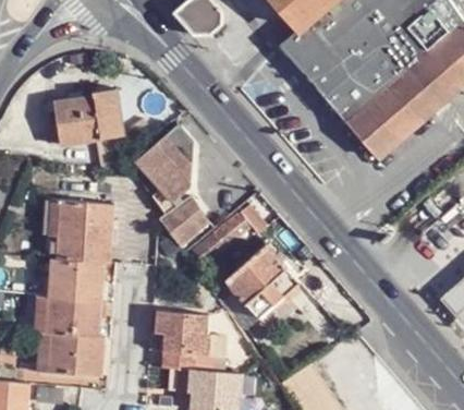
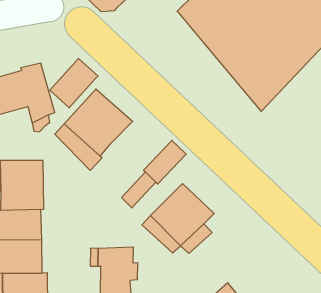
building: none -> [50,58,98,108]
building: [163,203,205,245] -> none

